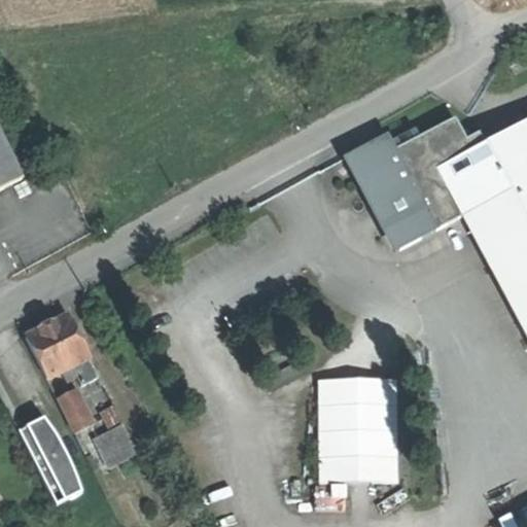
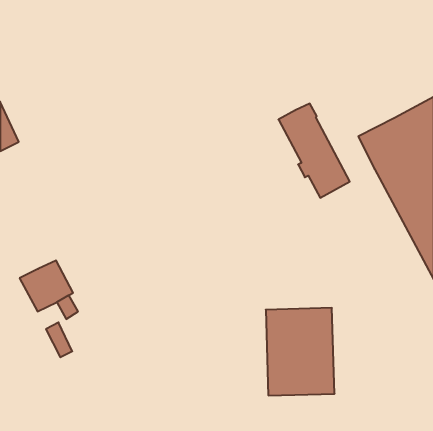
building: [384,109,480,220] -> none
building: [19,417,80,505] -> none
building: [95,429,132,469] -> none

